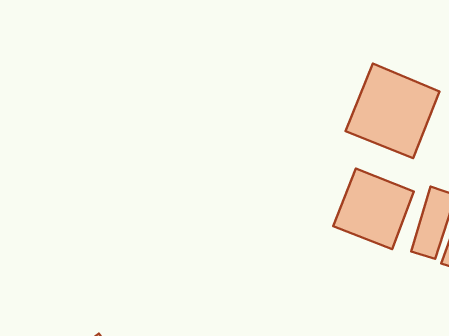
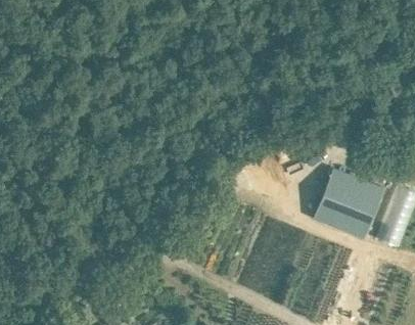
building: [346,64,440,158] -> none

